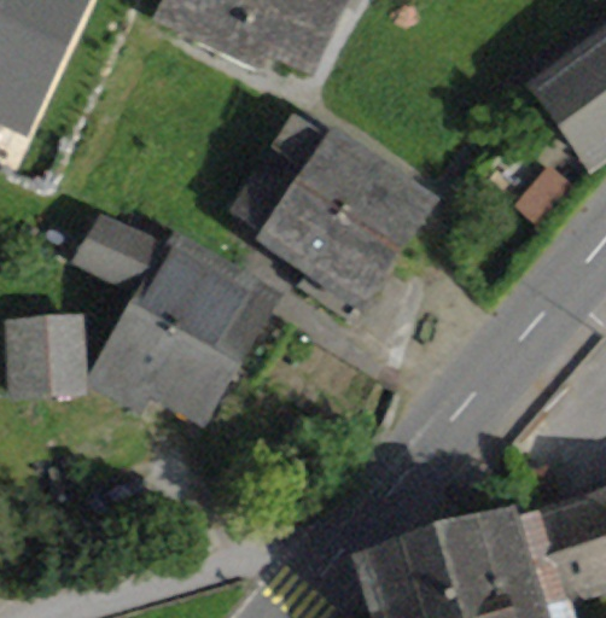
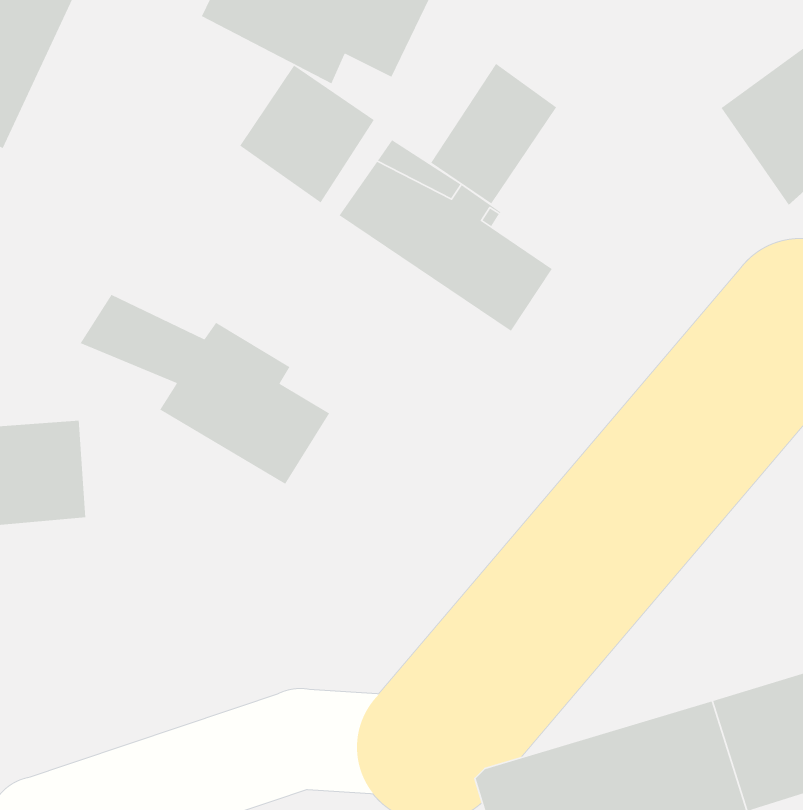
building: none -> [430,63,557,205]
building: none -> [239,65,375,203]
building: [237,168,391,314] -> none
building: [92,309,227,413] -> none

